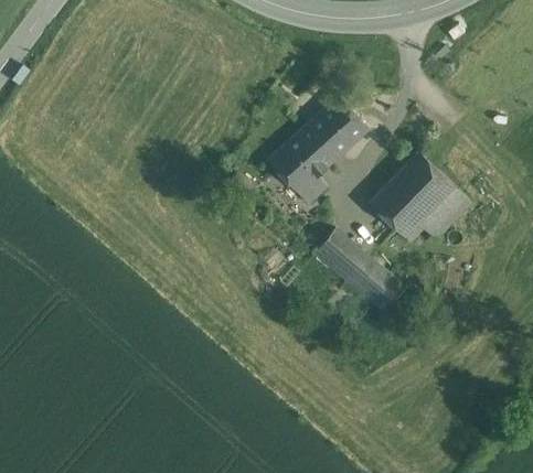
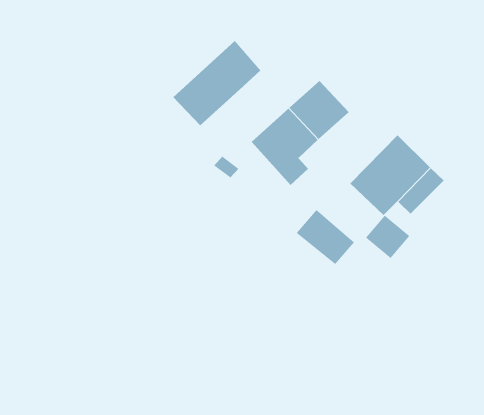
building: none -> [173,40,261,126]
building: [355,264,402,309] -> [365,215,410,259]

